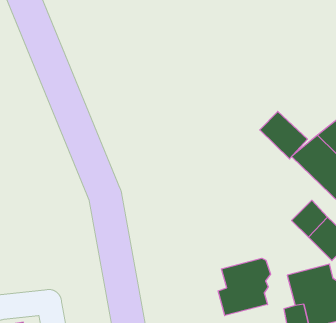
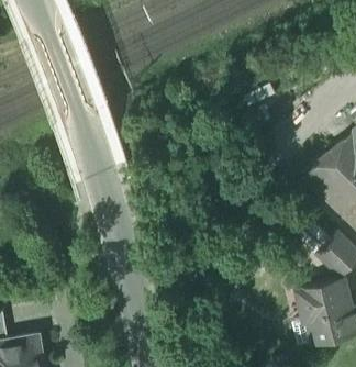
building: [260,111,307,159] -> none
building: [218,258,271,316] -> none

